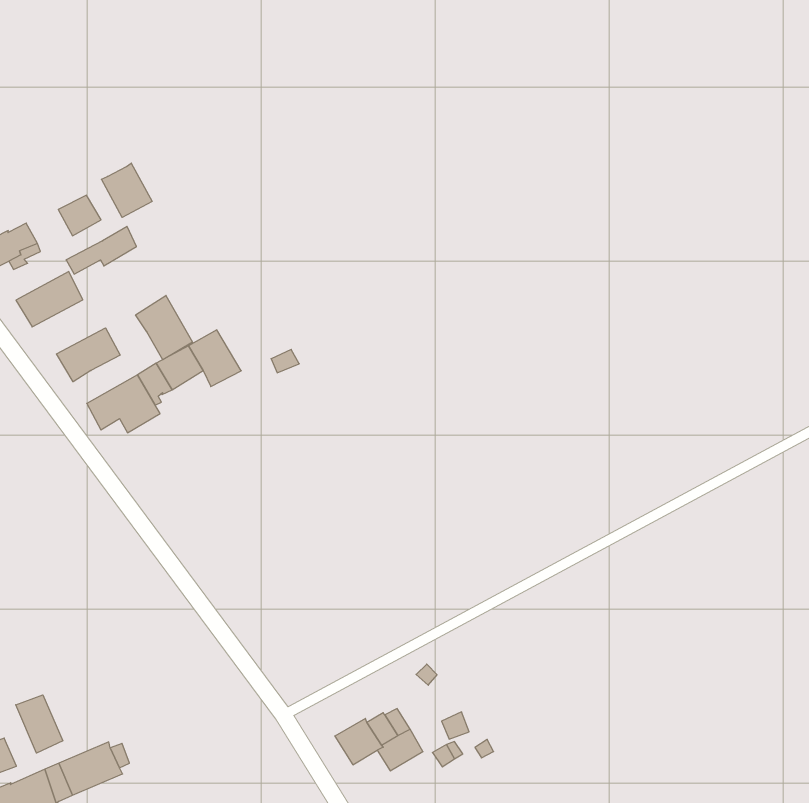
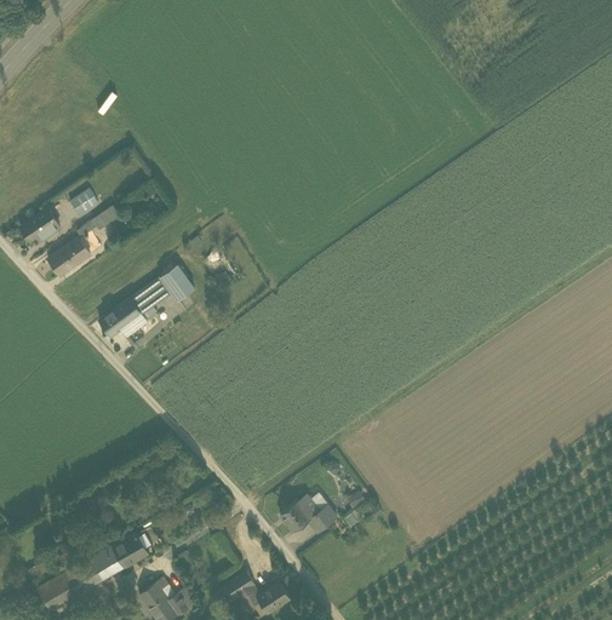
building: [101,163,152,217] -> none
building: [136,295,192,360] -> none
building: [56,328,120,382] -> none
building: [16,695,63,753] -> none

